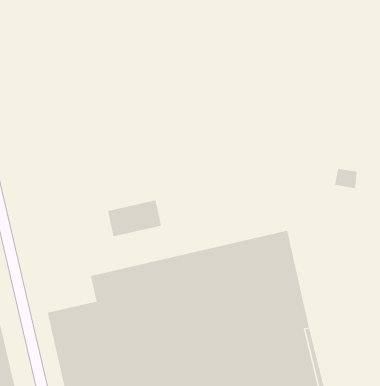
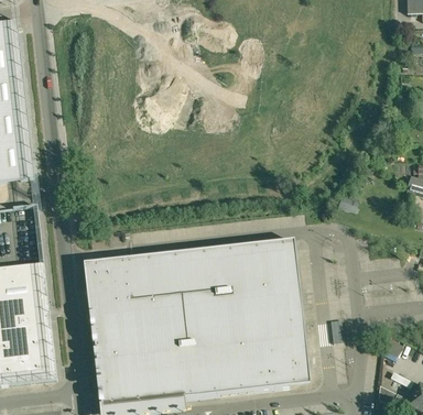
building: [107,200,162,237] -> [84,258,128,284]

